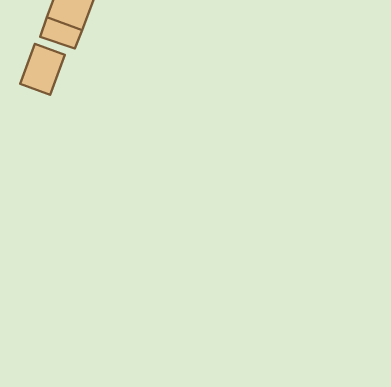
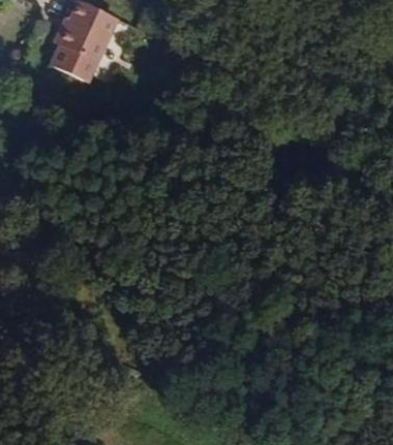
building: [20,44,65,95] -> none

